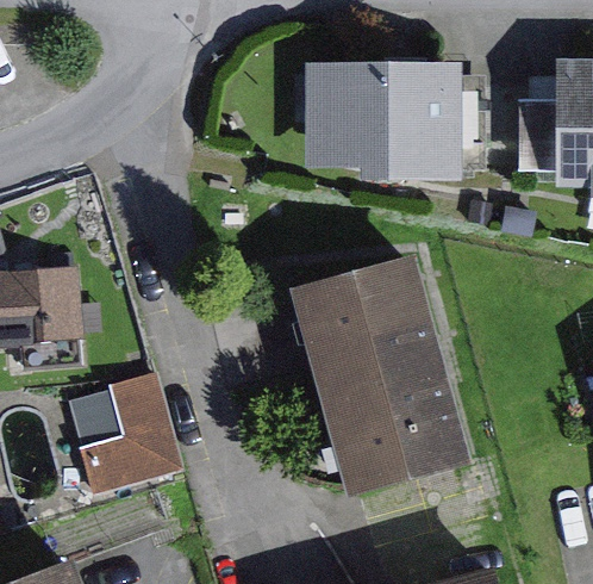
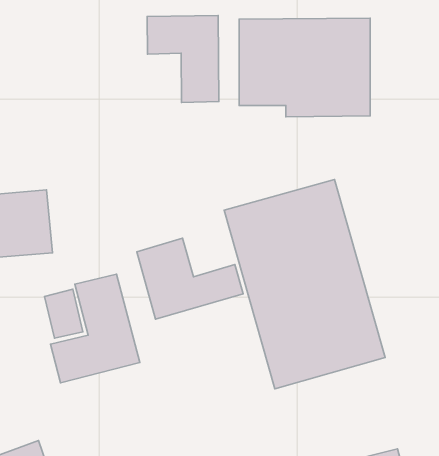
building: none -> [147,16,219,103]
building: none -> [137,238,243,319]

